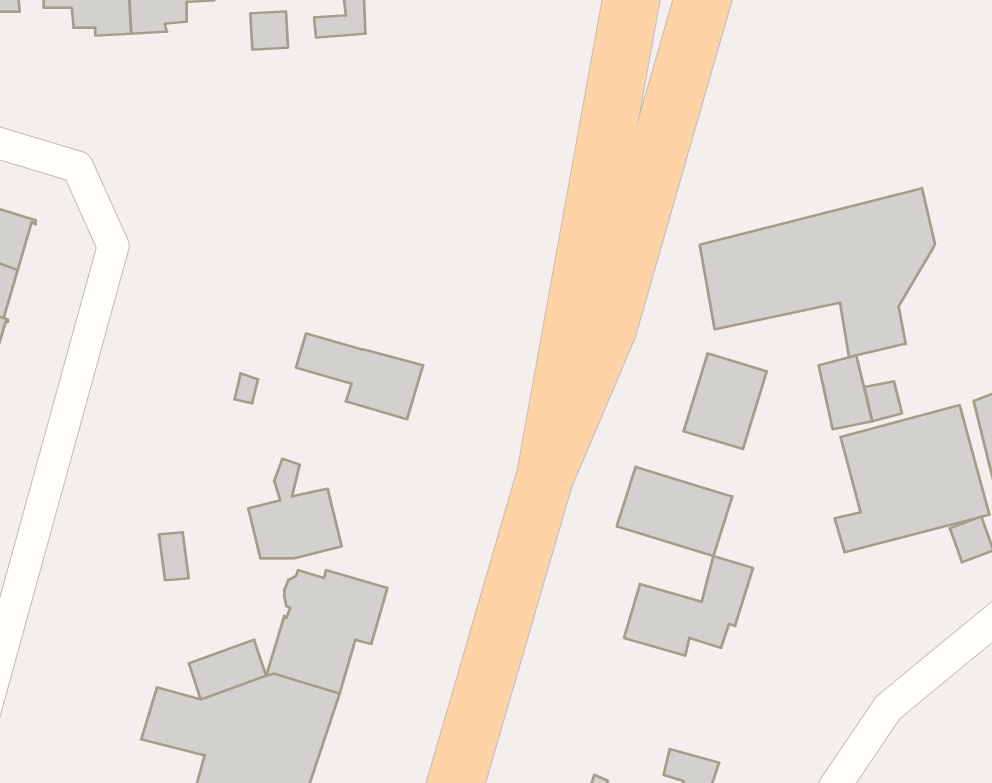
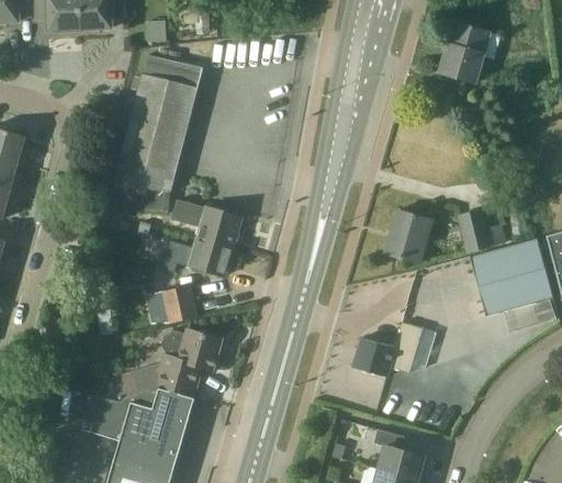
building: none -> [439,22,501,82]
building: none -> [112,55,201,212]
building: [700,188,935,357] -> none
building: none -> [164,236,233,276]
building: [617,467,732,556] -> none

